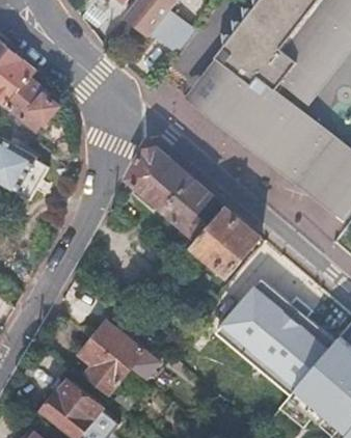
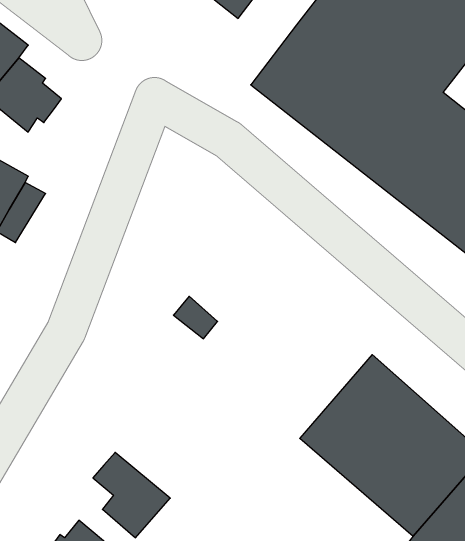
building: [129,148,210,241] -> none
building: [191,209,256,275] -> none
building: [93,323,142,369] -> none

